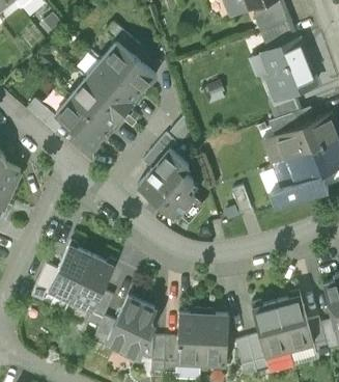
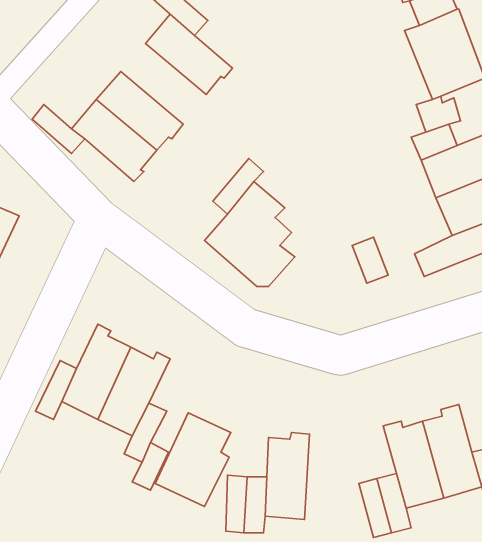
building: [85,61,139,112] -> none
building: [201,308,228,363] -> none

